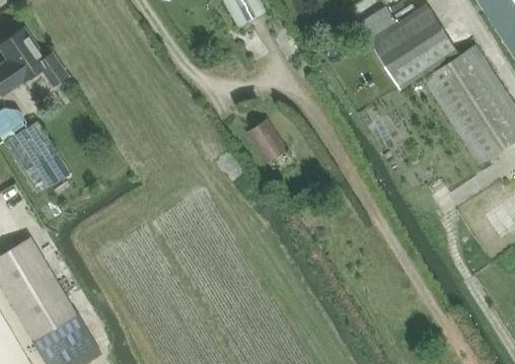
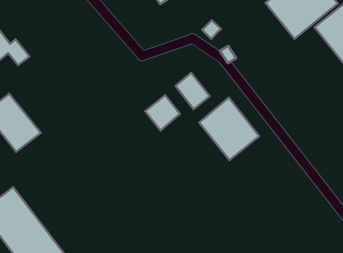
building: none -> [145,95,180,130]
building: none -> [199,97,259,160]

